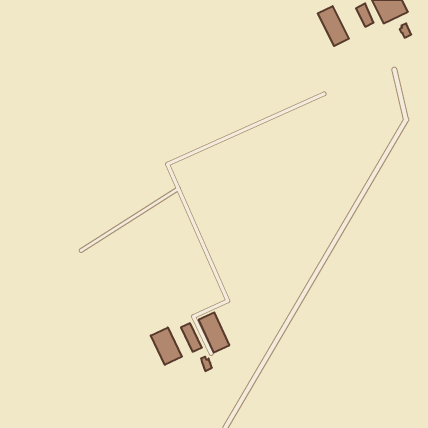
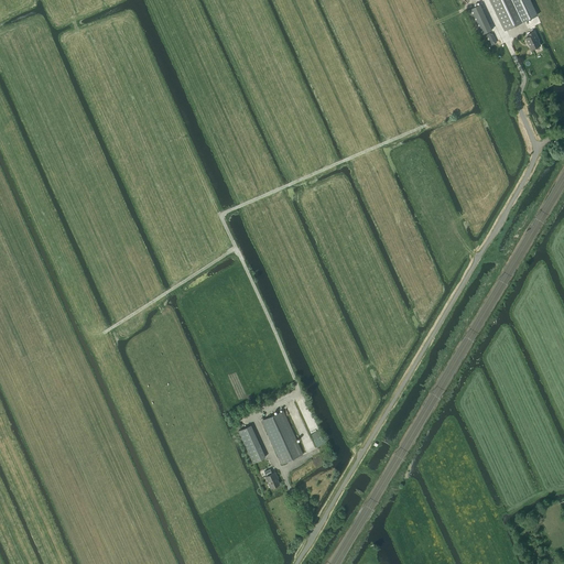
building: [318,6,349,46] -> none
building: [151,327,182,365] -> none

